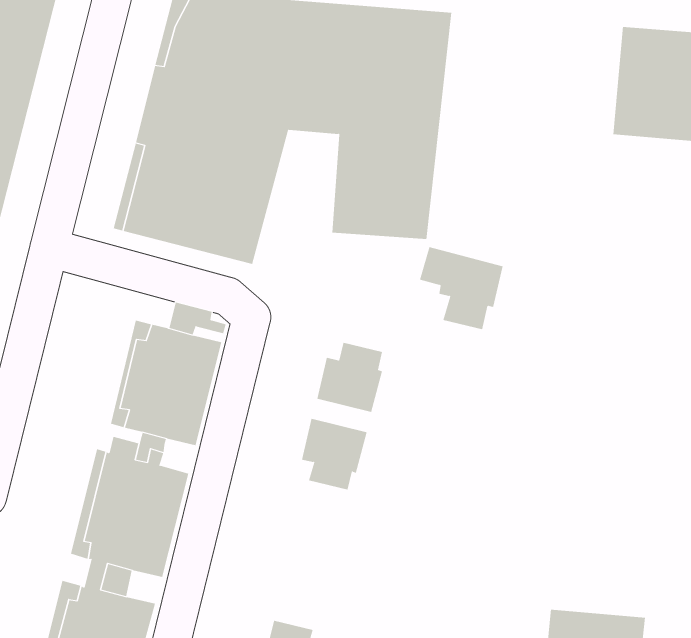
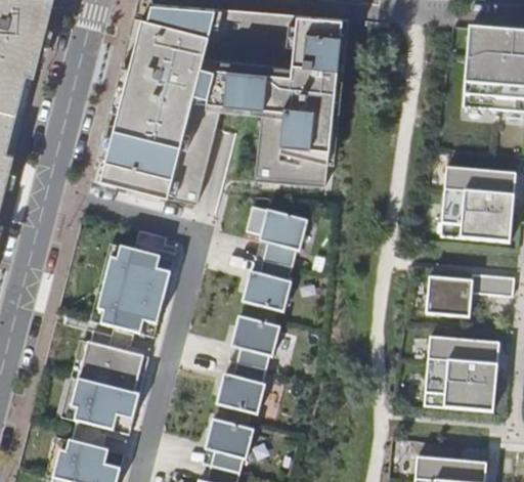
building: none -> [440,166,516,242]
building: [419,247,503,330] -> [246,205,308,266]
building: none -> [426,272,515,316]
building: none -> [424,336,499,411]
building: none -> [218,361,267,413]
building: none -> [207,418,256,472]

